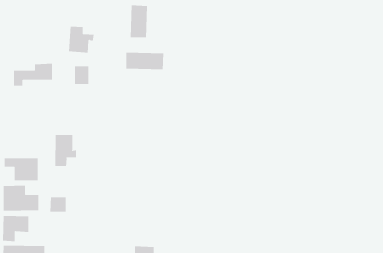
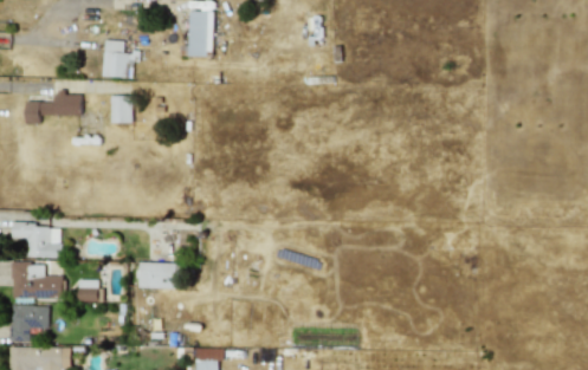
building: [126,52,164,70] -> none
building: [55,134,77,167] -> none
building: none -> [140,261,177,288]

